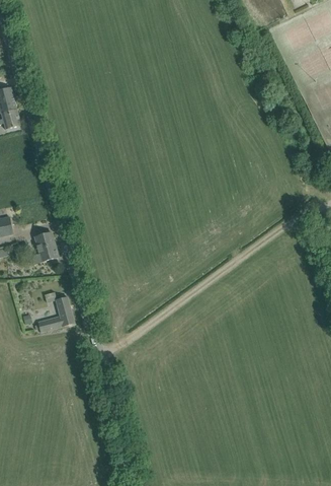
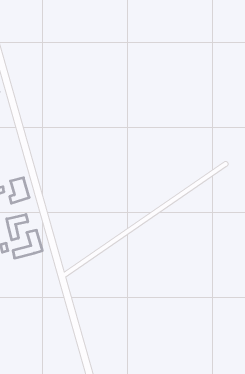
building: none -> [7,214,28,240]

